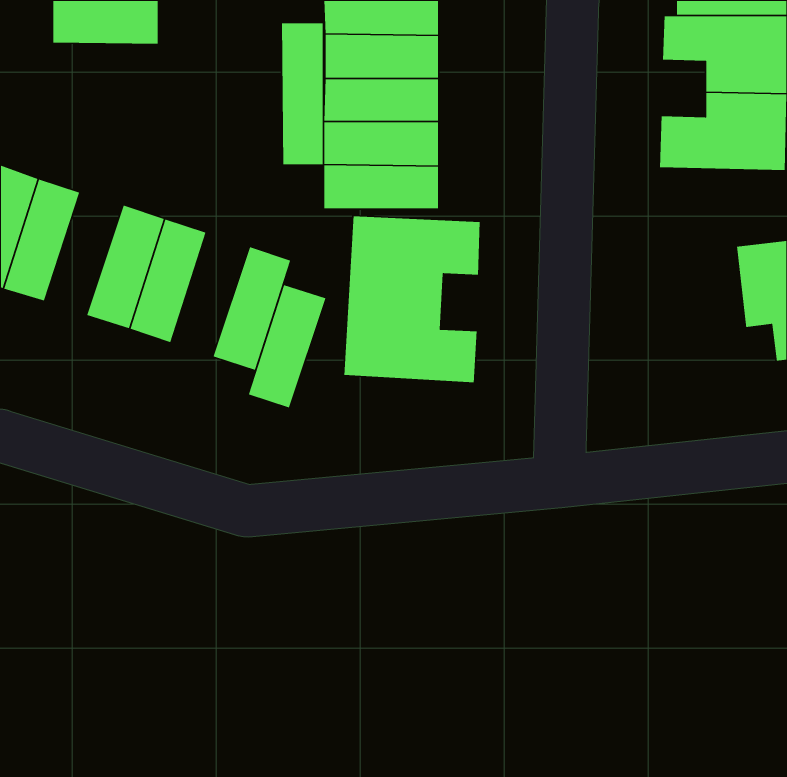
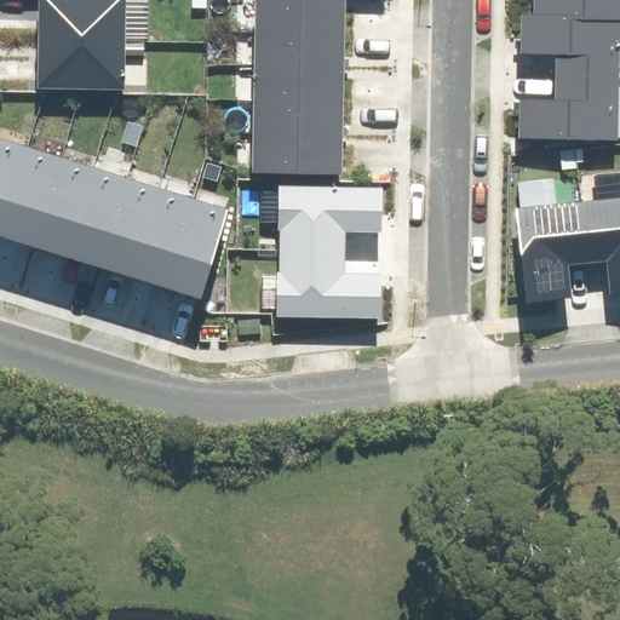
building: [281,22,323,165] -> none
building: none -> [40,41,125,90]
building: none -> [35,159,97,256]
building: none -> [518,201,586,300]
building: [248,284,327,409] -> [134,190,196,288]

